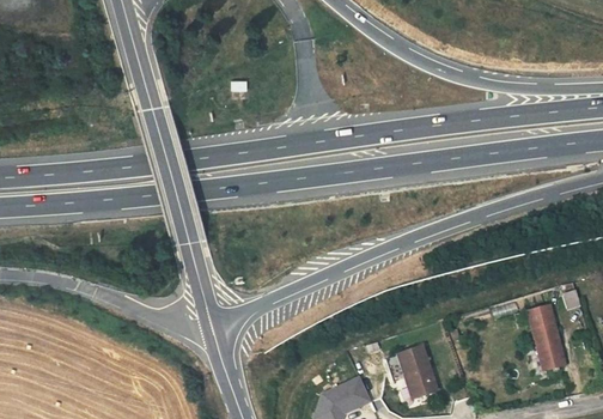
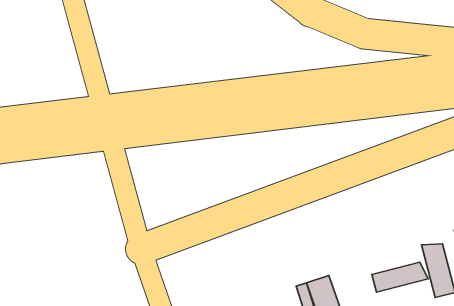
building: none -> [372,262,428,292]

